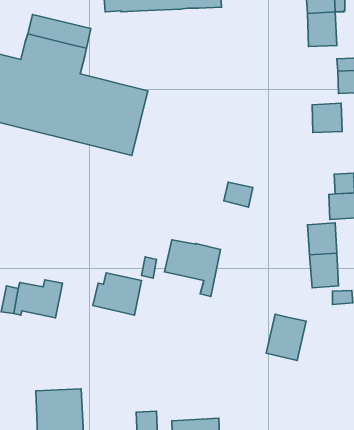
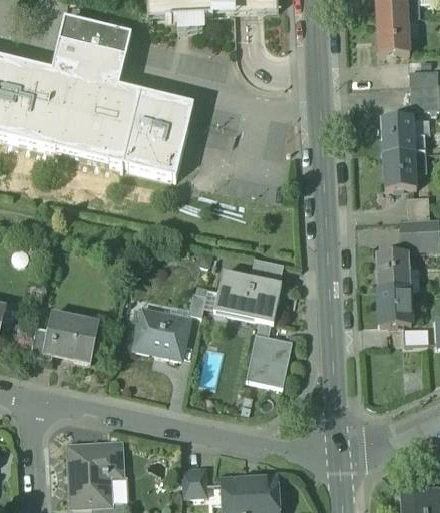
building: none -> [382,150,417,191]
building: [224,182,253,207] -> [250,255,283,284]
building: [266,314,306,360] -> [245,334,290,386]

